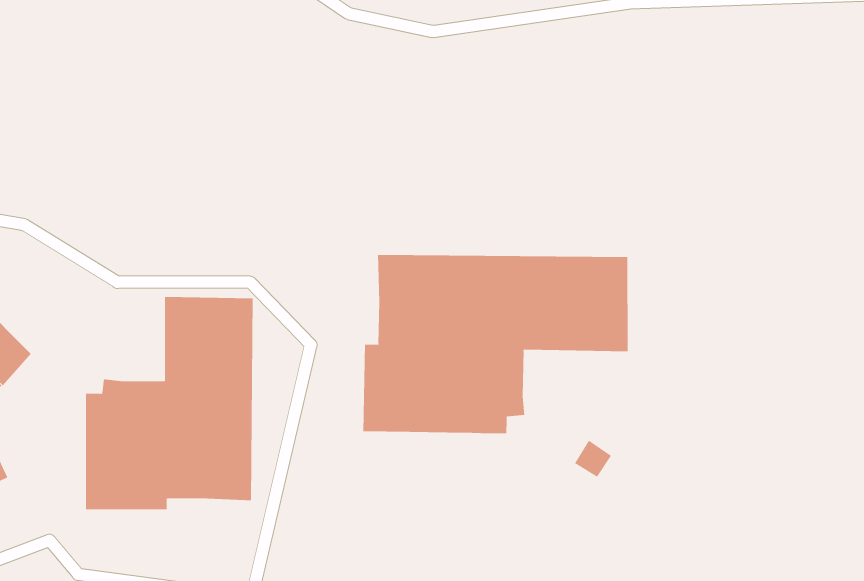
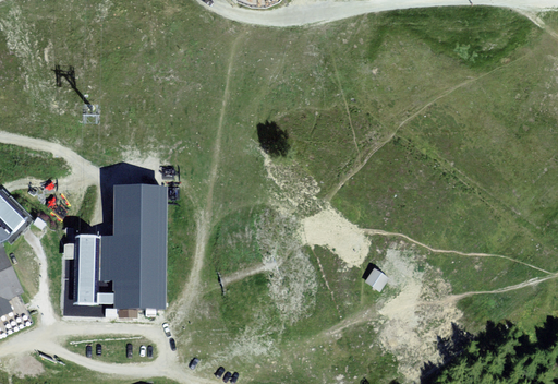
building: [363,254,628,434] -> none

